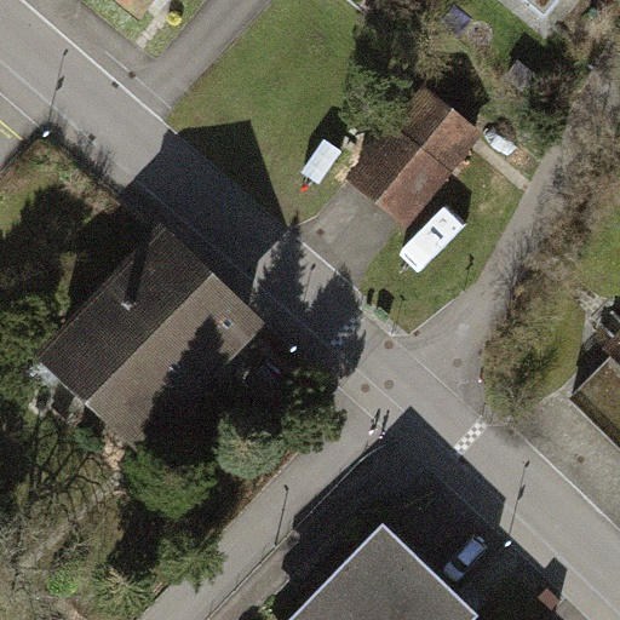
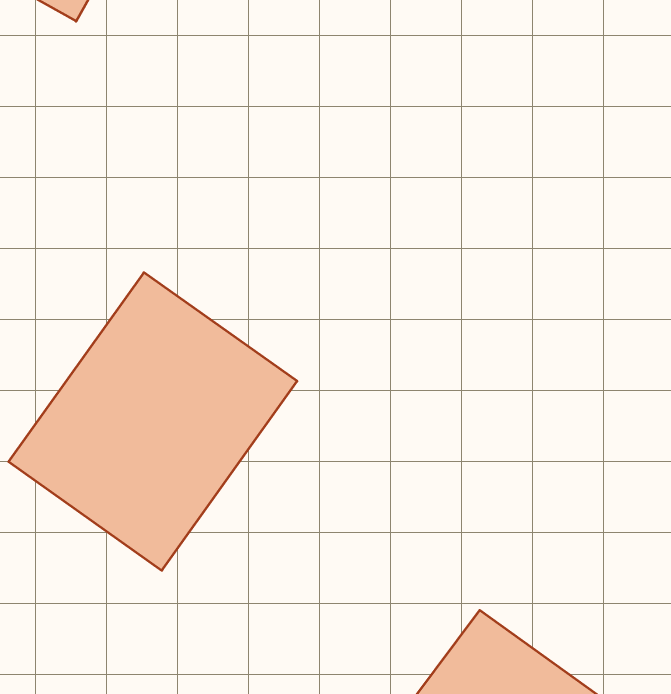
building: [351,79,488,218] -> none

